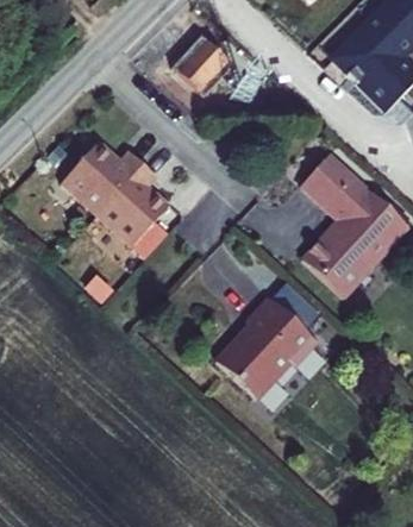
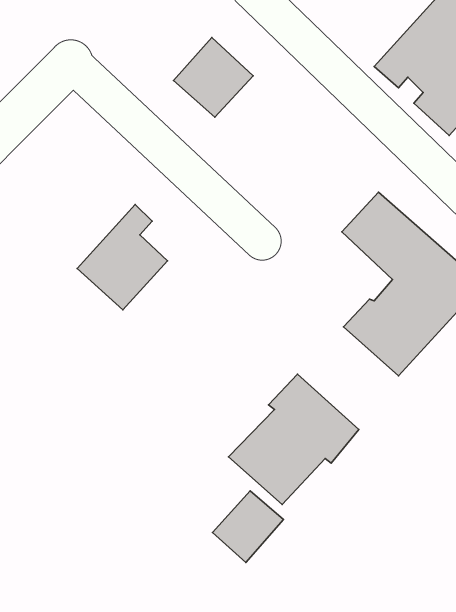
building: [62,144,142,214] -> none
building: none -> [212,491,284,563]

